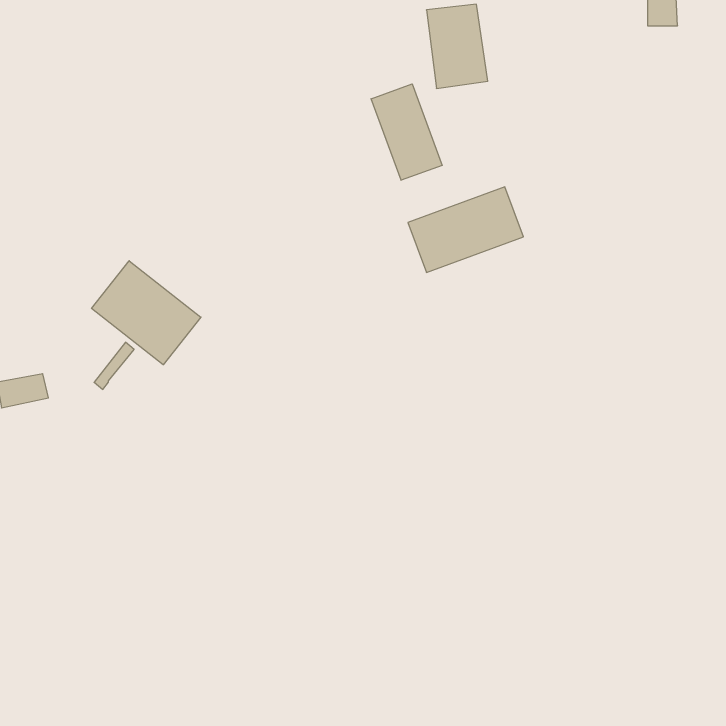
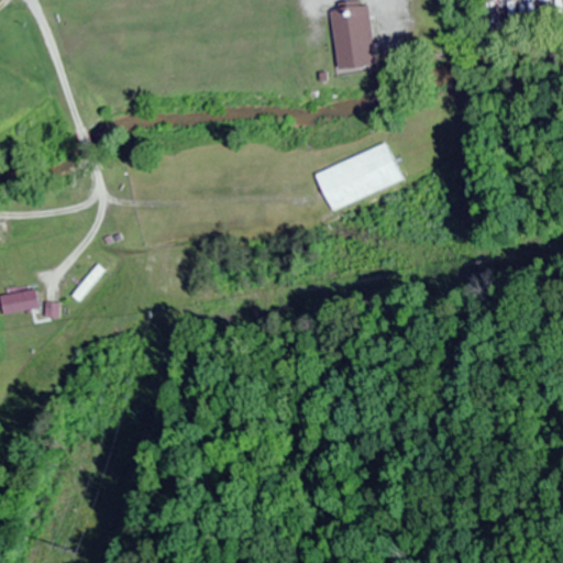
building: [371,84,442,180] -> none
building: [92,261,201,365] -> none

